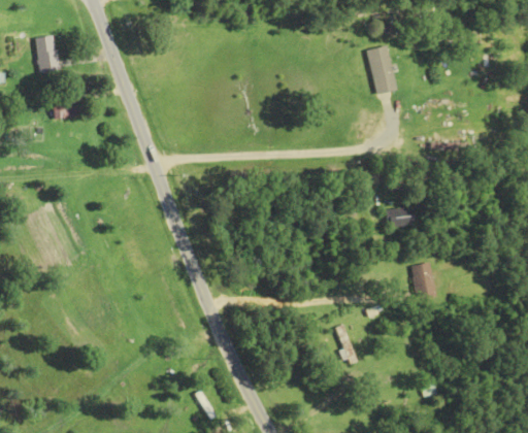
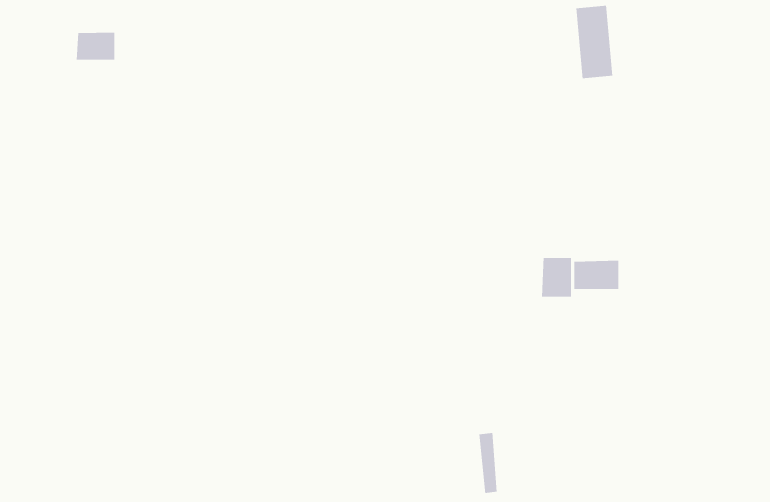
building: none -> [542,257,572,297]
building: [411,263,435,301] -> none

